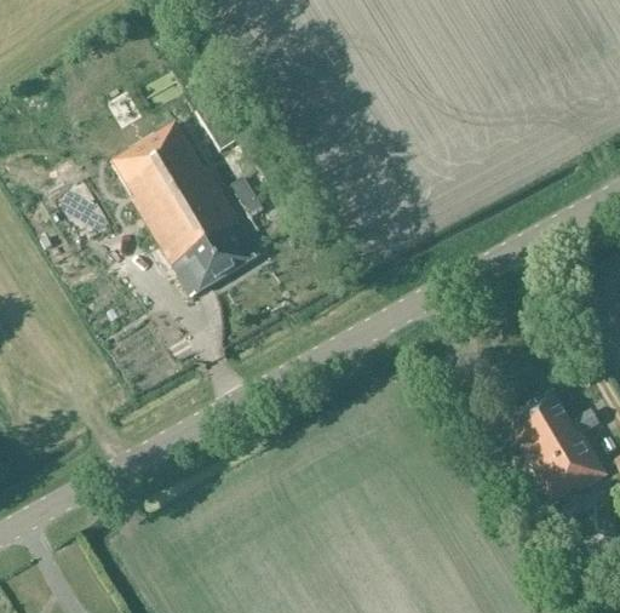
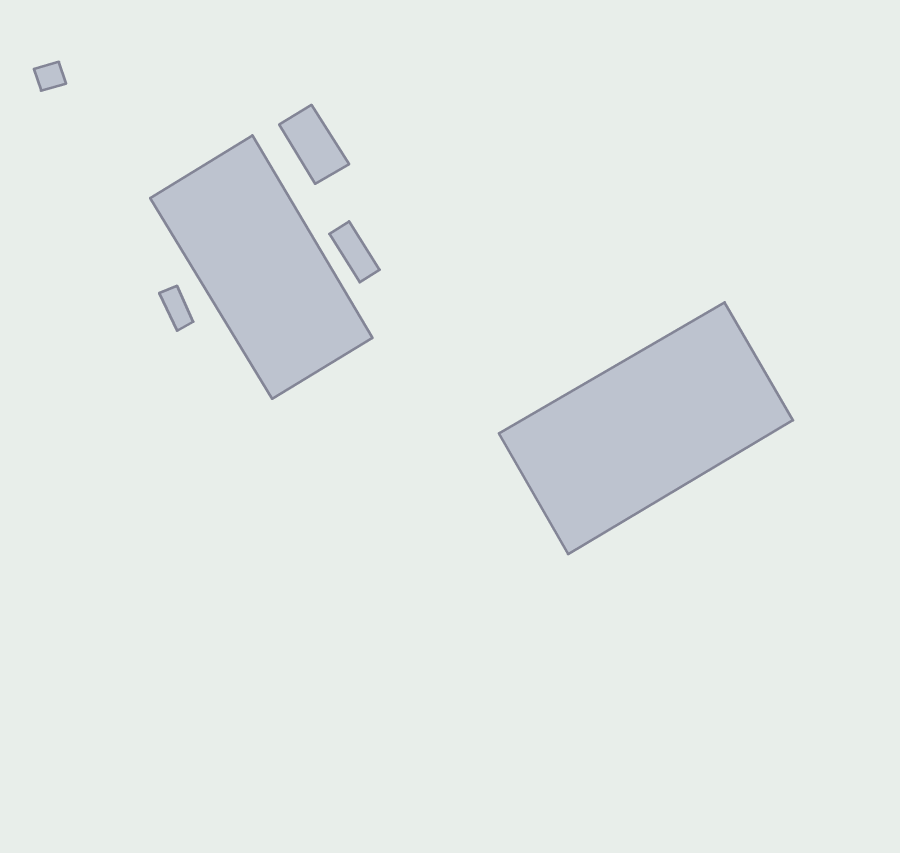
building: none -> [499,302,793,554]
building: [504,391,604,503] -> none

